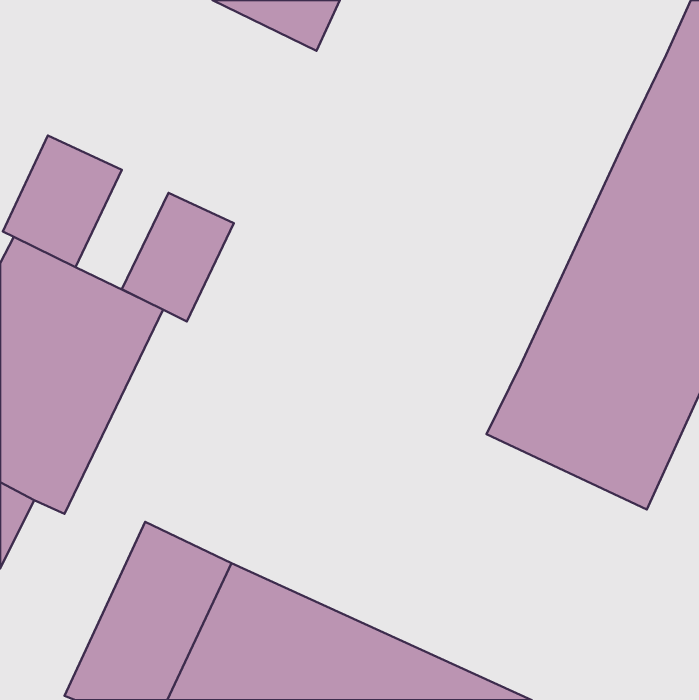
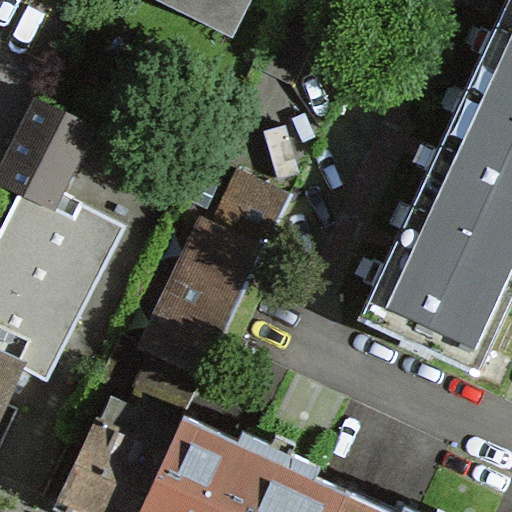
building: [122,193,234,321] -> none
building: none -> [140,168,289,379]

